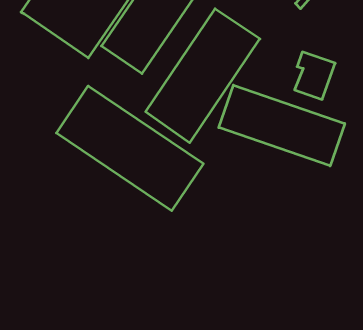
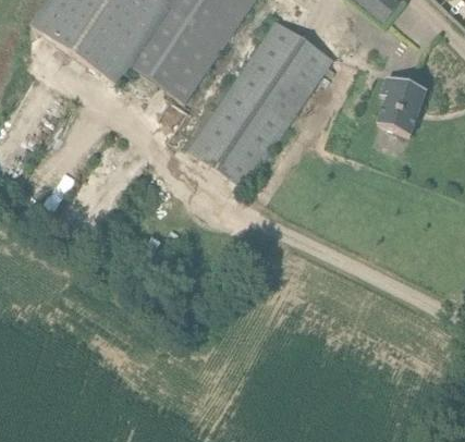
building: [219,85,345,166] -> none
building: [56,86,203,211] -> none

